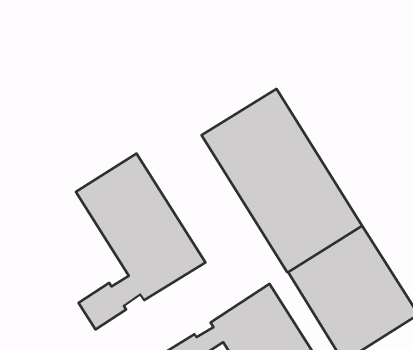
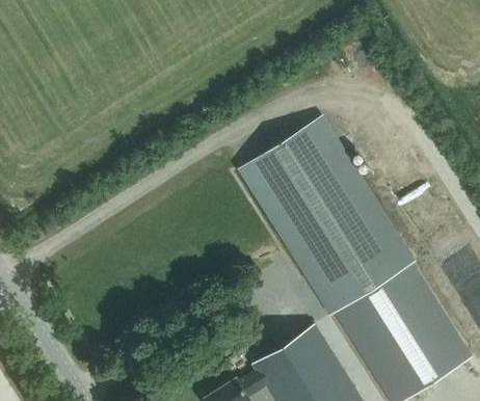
building: [76,153,206,330] -> none

